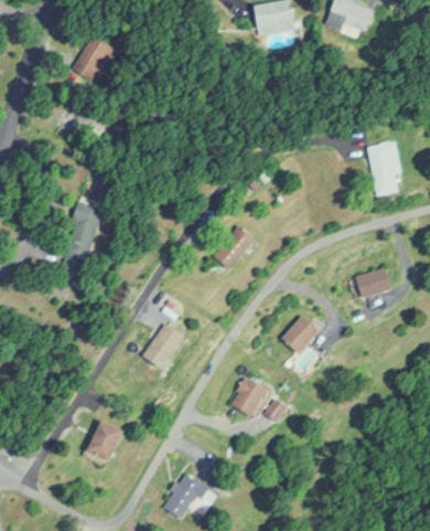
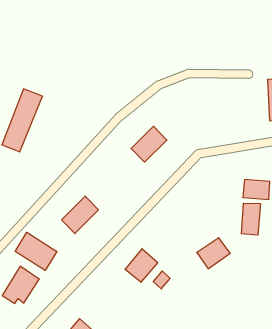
building: none -> [241,203,260,235]
building: [281,315,322,354] -> [197,238,230,269]
building: none -> [15,232,57,270]

